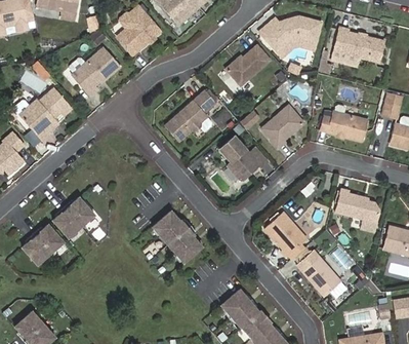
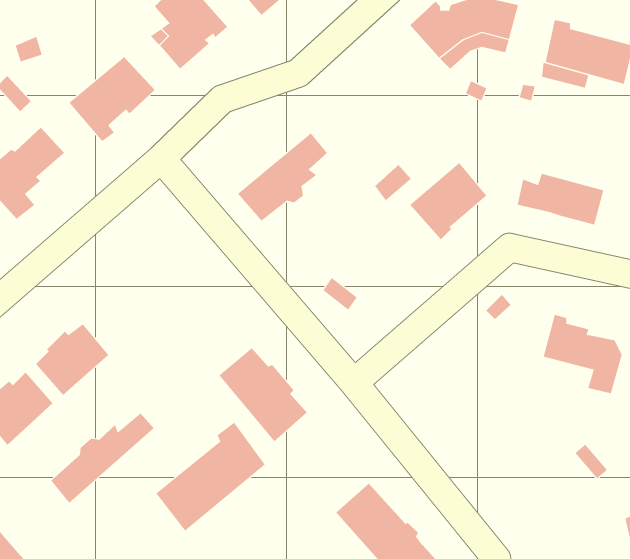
building: [224,43,268,82] -> none
building: [218,136,265,180] -> none
building: [267,209,310,255] -> none
building: none -> [51,412,155,503]
building: [300,250,339,290] -> none
building: none -> [156,422,266,532]

